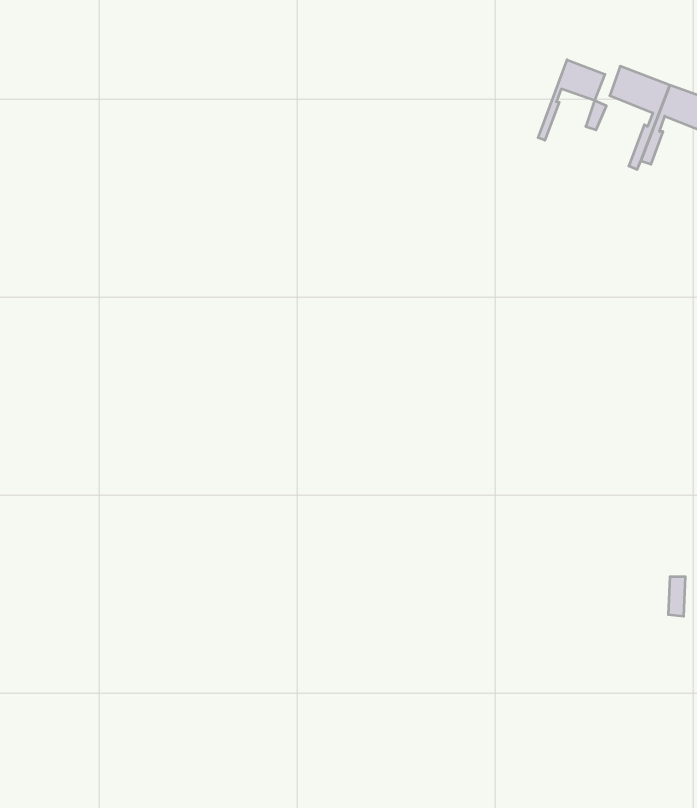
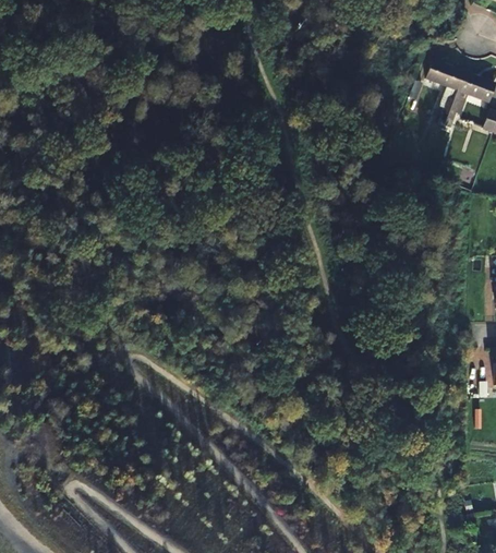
building: [538,60,605,140] -> none

